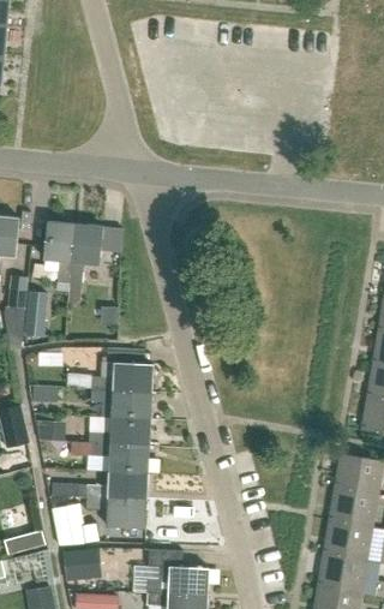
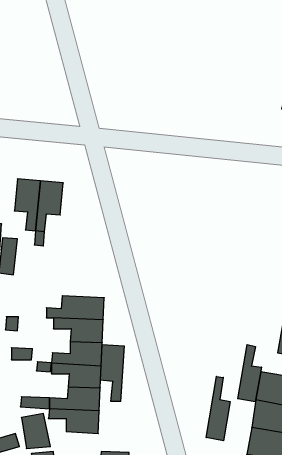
building: none -> [101,345,124,401]
building: none -> [238,345,261,402]
building: none -> [206,376,230,441]

